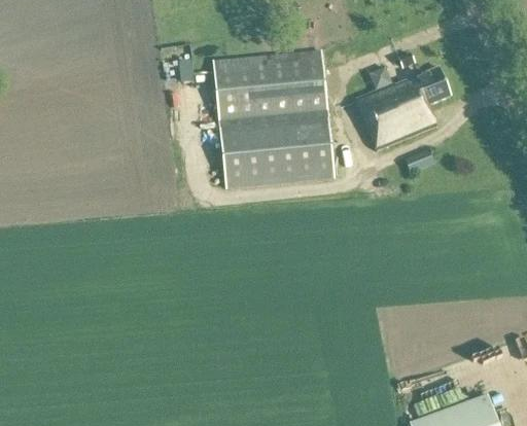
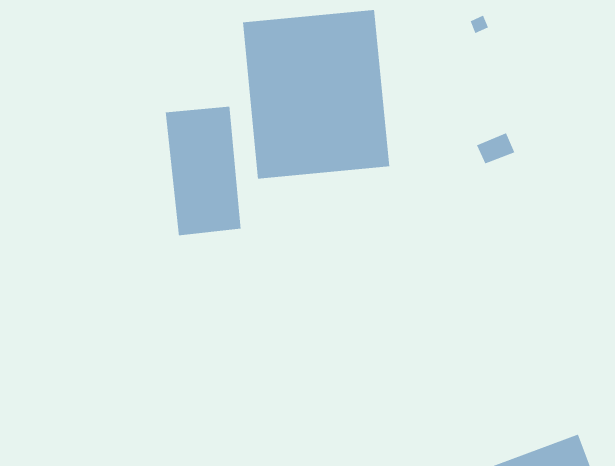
building: [354,66,451,152] -> none
building: none -> [165,106,241,236]

